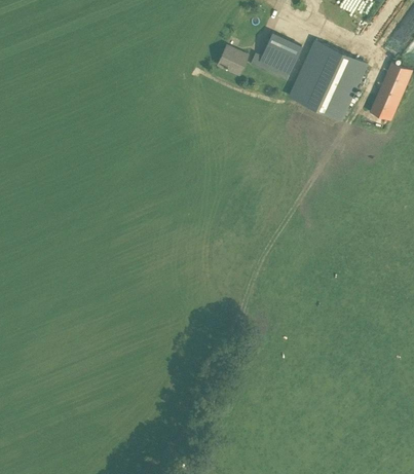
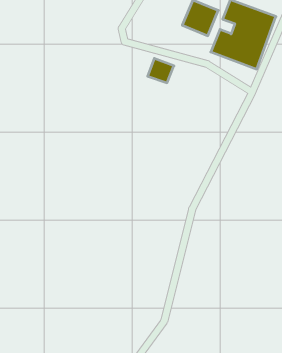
building: [217,45,248,74] -> [148,58,174,83]

